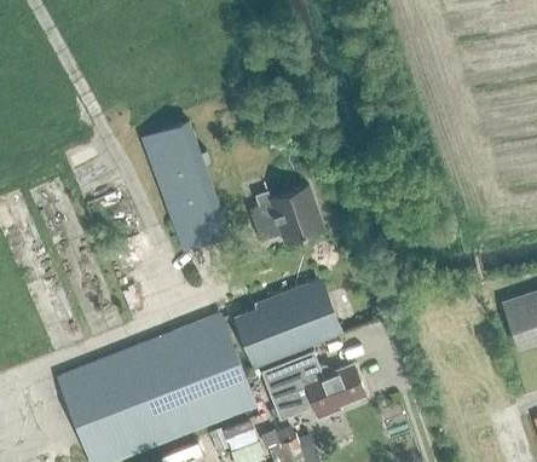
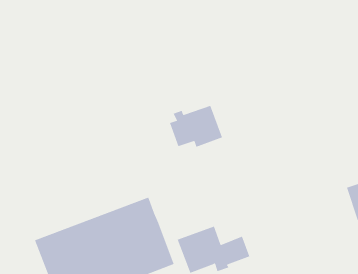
building: [140,120,229,248] -> none
building: [239,288,343,368] -> none

